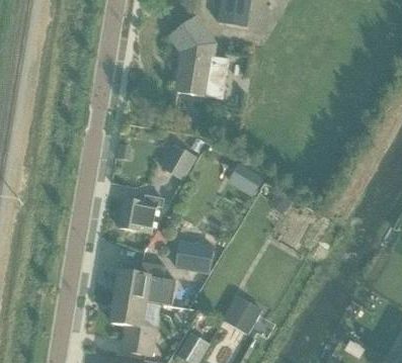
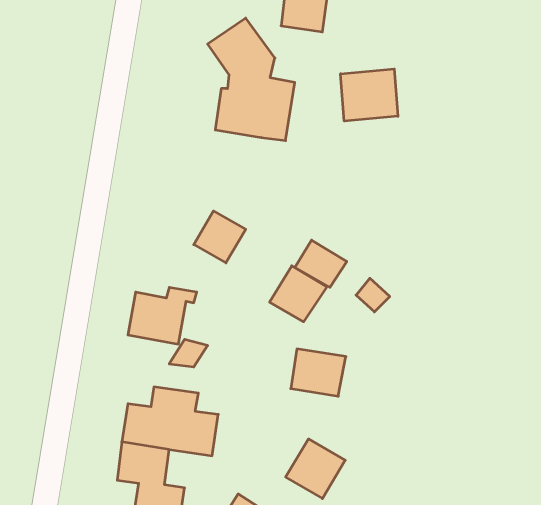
building: none -> [341,69,398,121]
building: none -> [270,266,327,322]
building: [176,241,213,272] -> [291,349,346,396]

